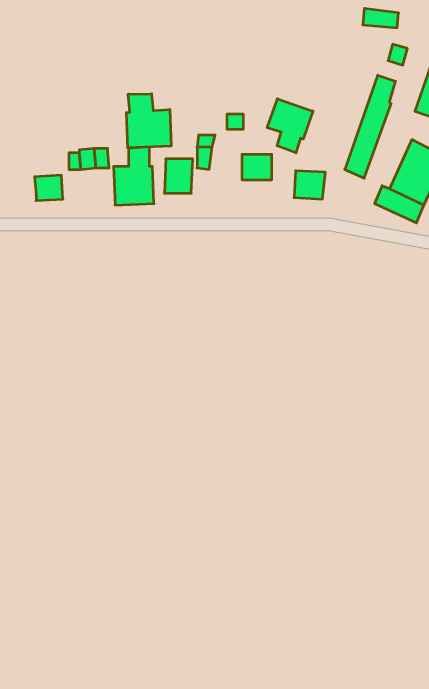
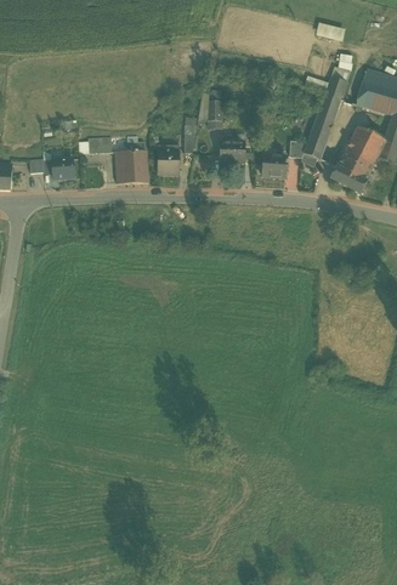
building: [126,94,171,148] -> none
building: [267,99,313,153] -> none

